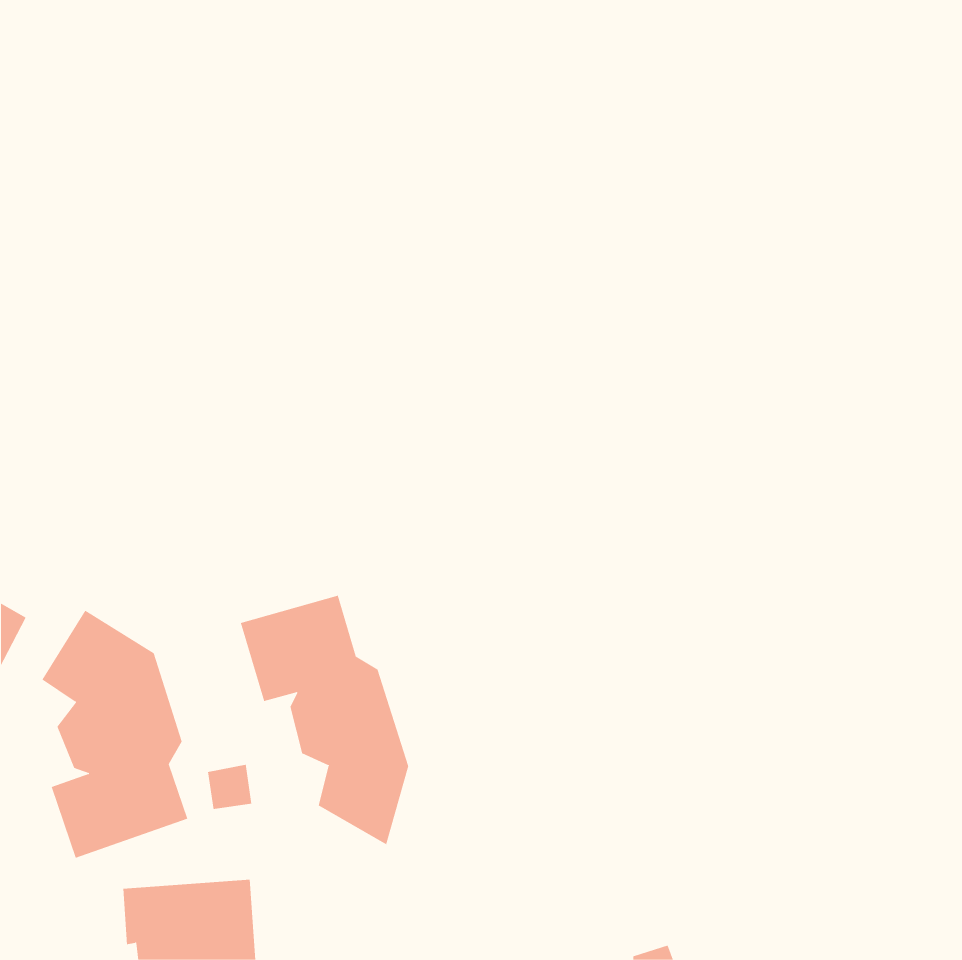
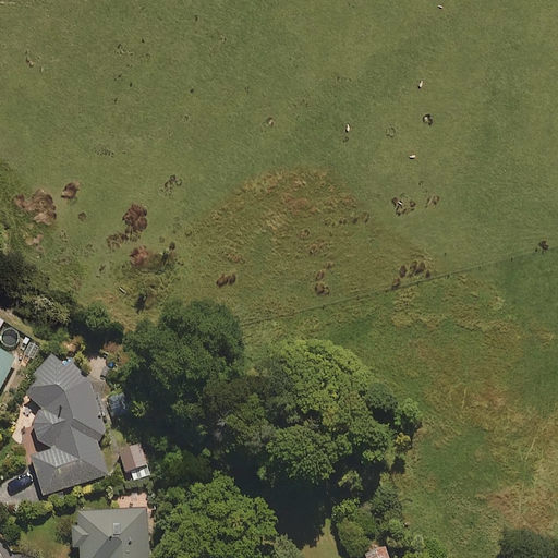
building: [240,595,409,845] -> none

